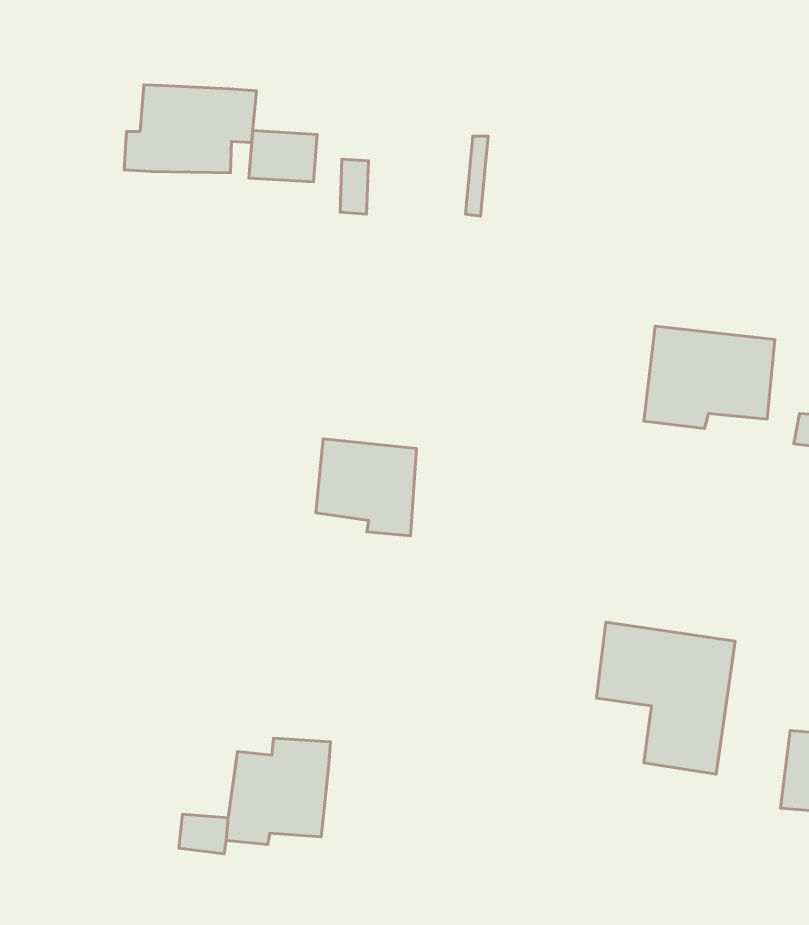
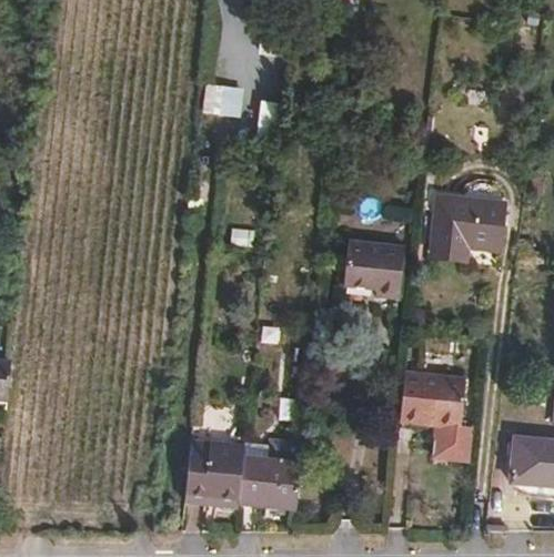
building: [124,85,256,173] -> none
building: [316,439,416,536] -> [344,237,403,294]
building: none -> [240,455,302,508]

